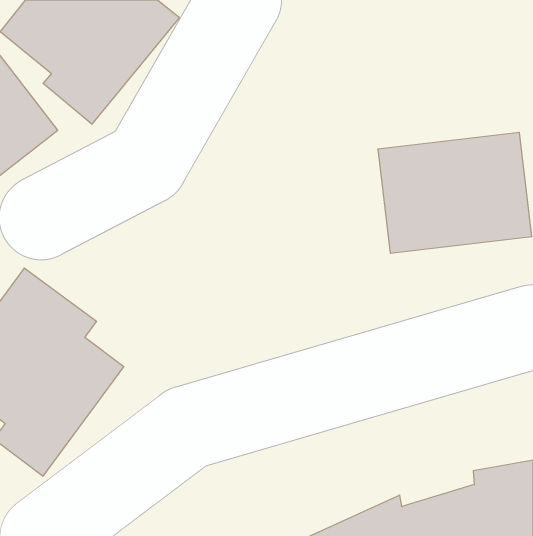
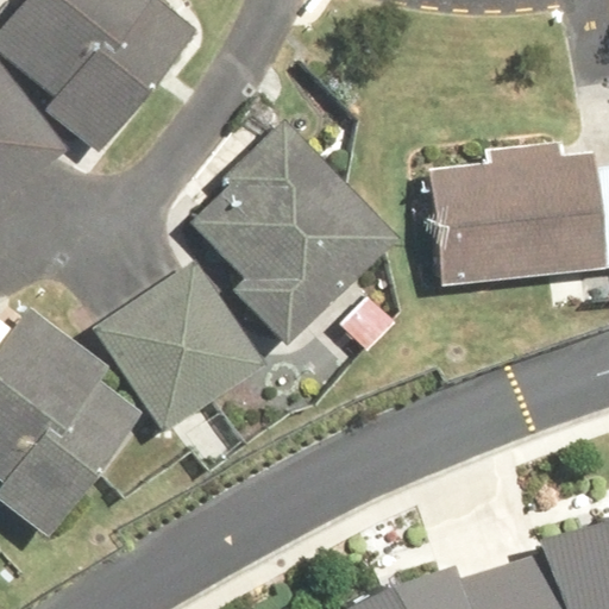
building: none -> [190,125,395,344]
building: none -> [94,258,263,428]

